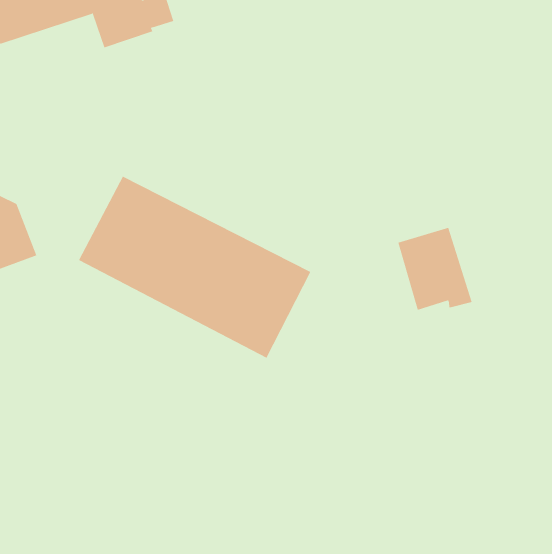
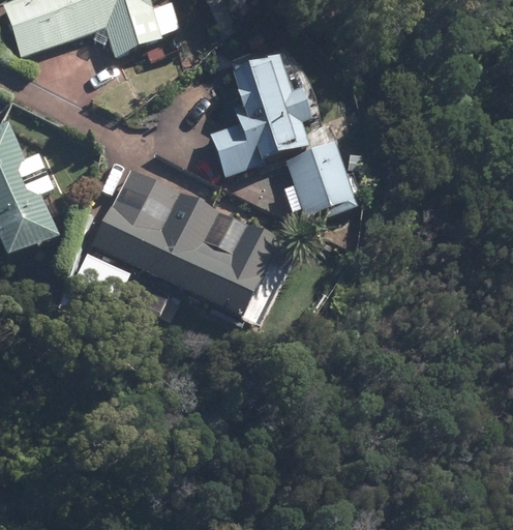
building: none -> [211,56,309,173]
building: [397,227,472,310] -> [288,142,354,215]

